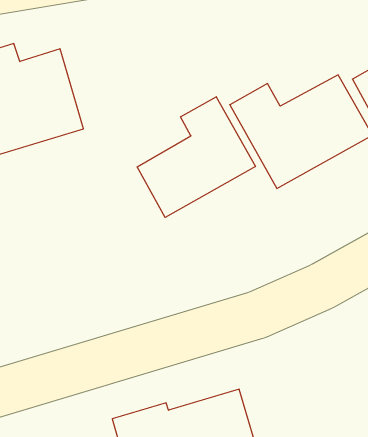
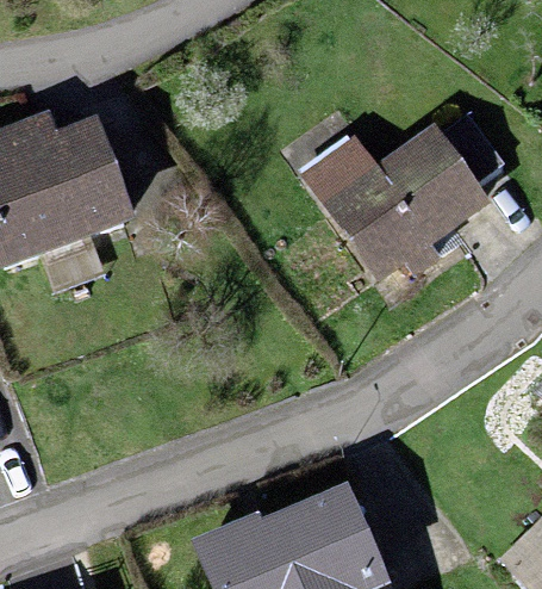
building: [137,97,255,217] -> none

